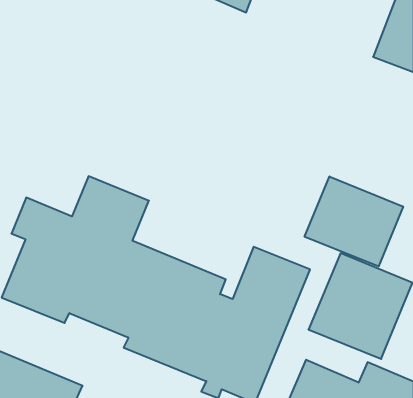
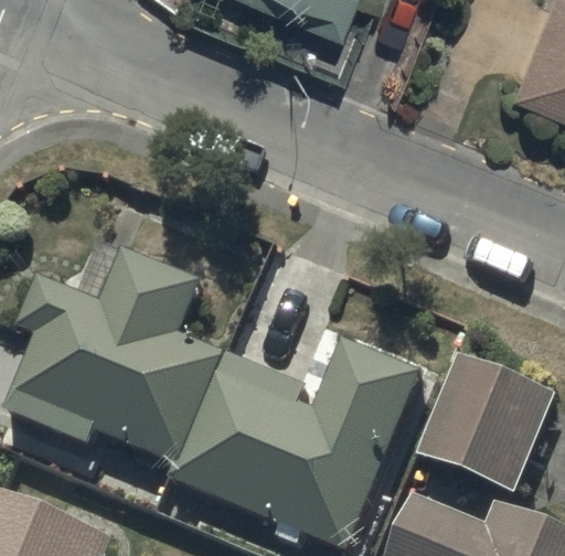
building: [305,176,403,266] -> none

